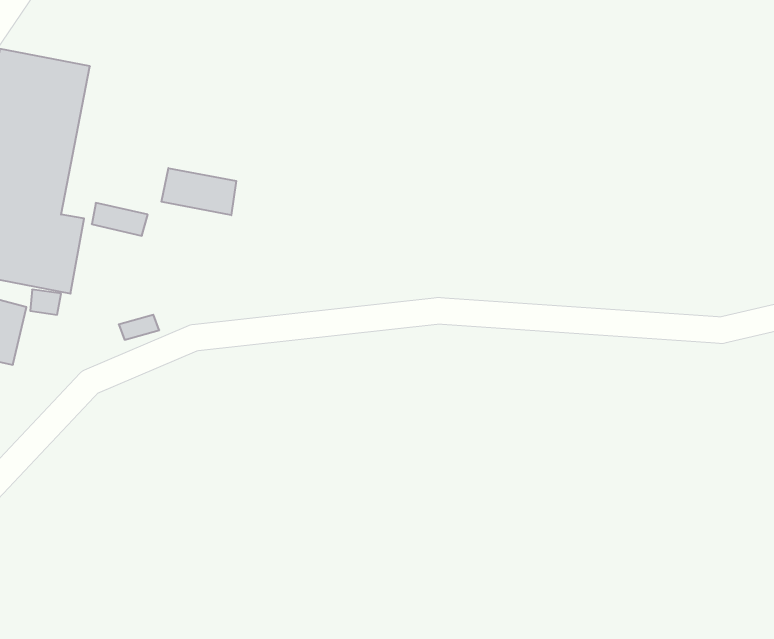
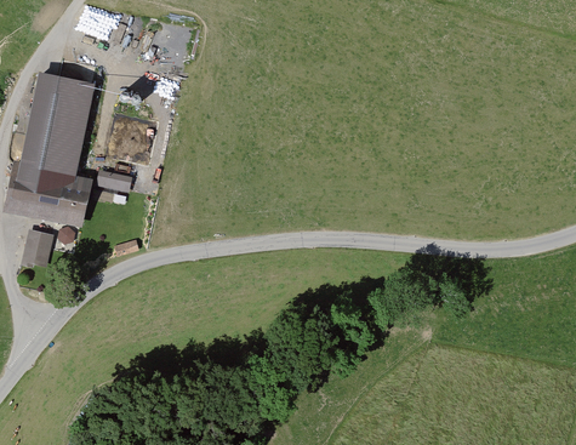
building: [161,168,236,215] -> none

